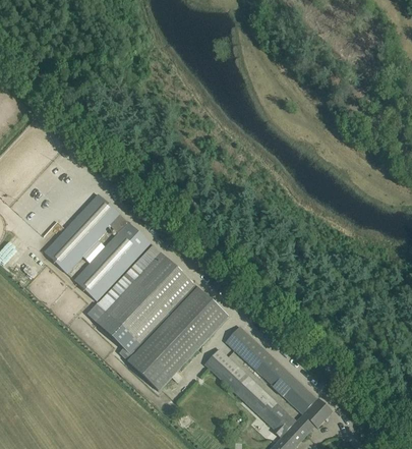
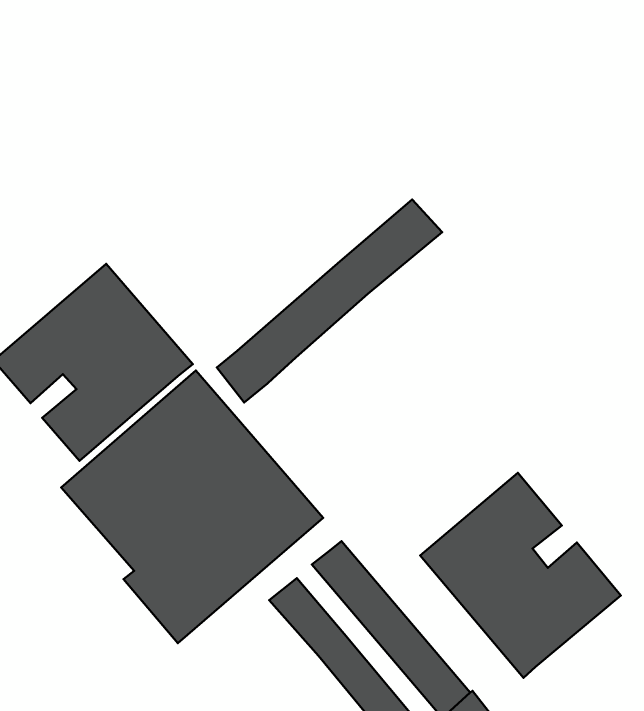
building: none -> [217,200,442,402]
building: none -> [420,473,621,678]

